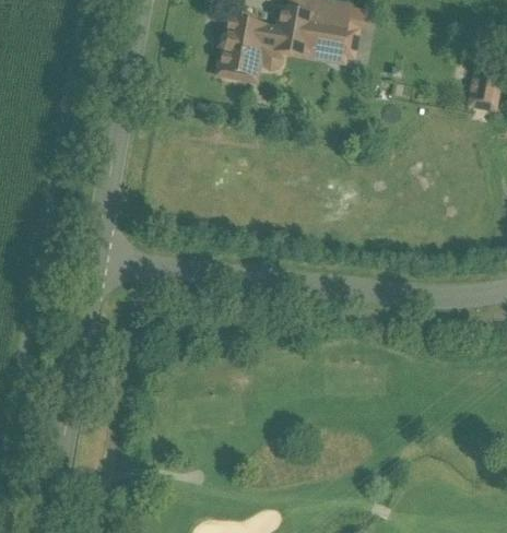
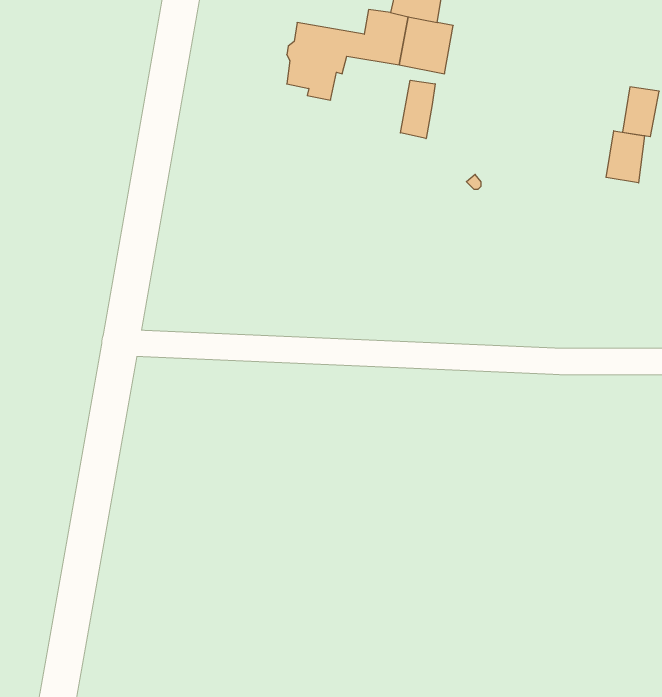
building: none -> [400,80,435,139]
building: none -> [606,131,645,183]

